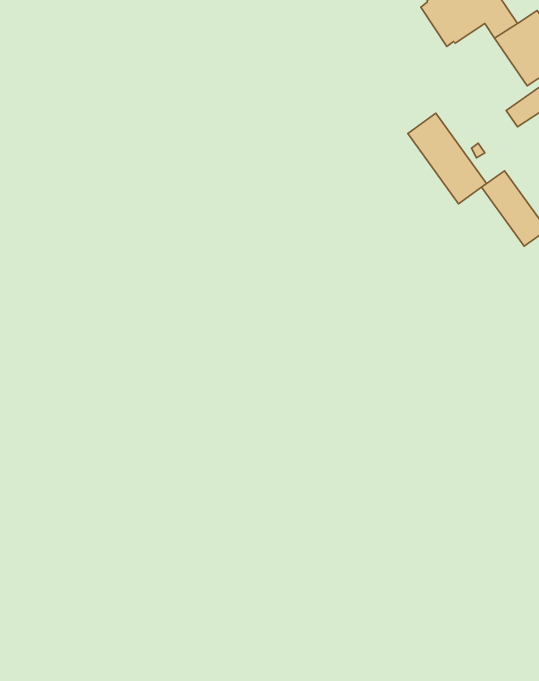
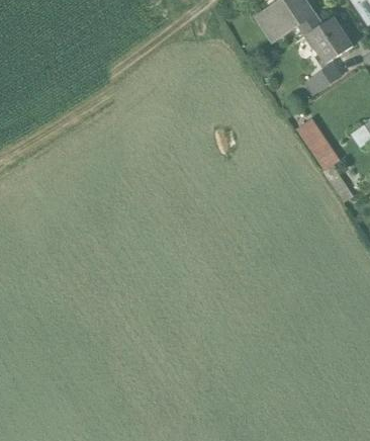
building: [408,113,487,204] -> none

